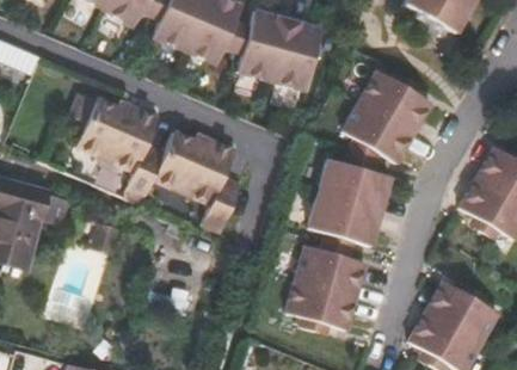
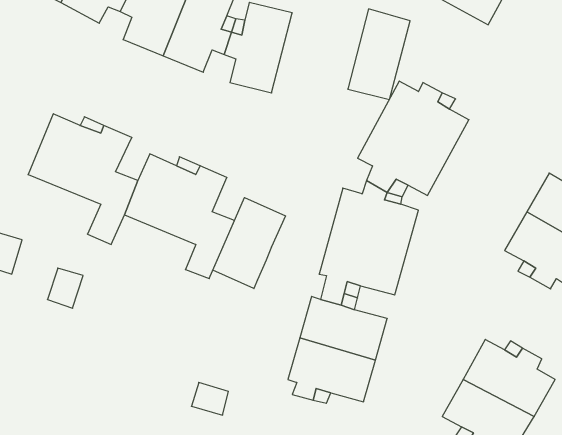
building: [271,17,321,90] -> [348,9,410,99]
building: none -> [213,198,286,289]

